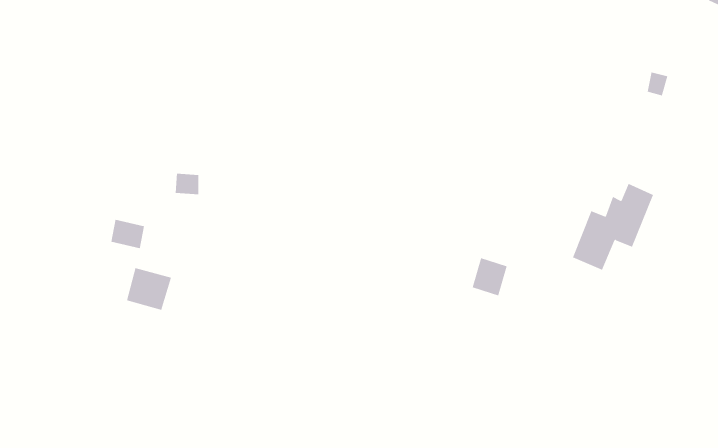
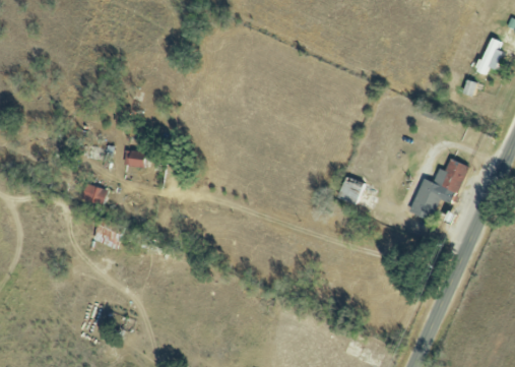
building: none -> [477,38,503,75]
building: [472,258,508,296] -> [339,177,365,204]

